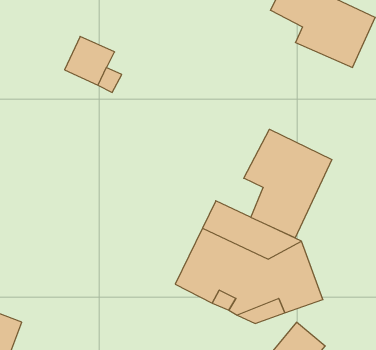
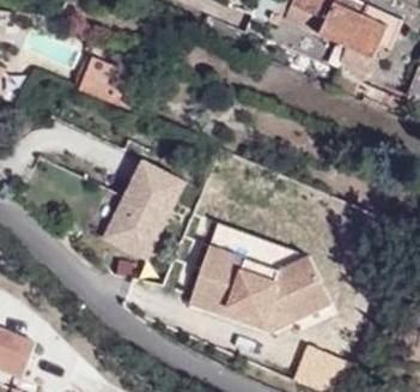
building: [244,129,332,238] -> none
building: none -> [101,153,185,254]

